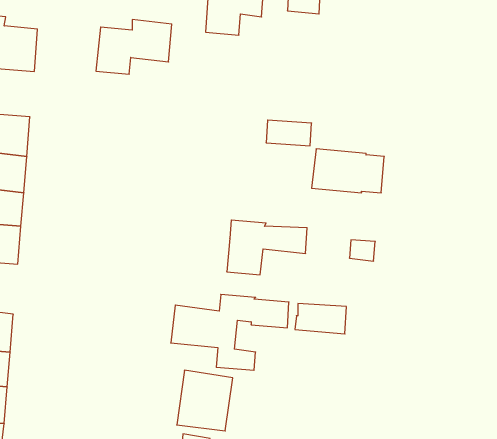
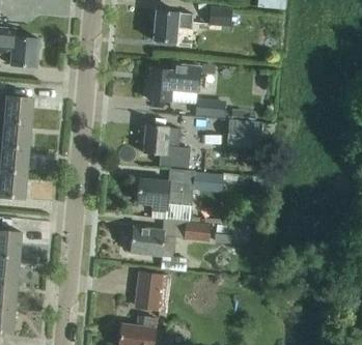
building: [96,20,172,74] -> [148,63,200,100]
building: none -> [143,123,190,167]
building: none -> [137,178,170,203]

